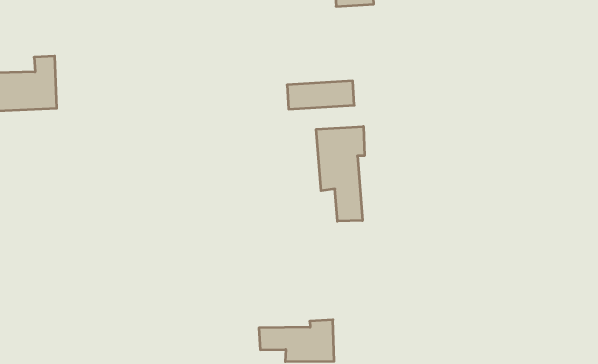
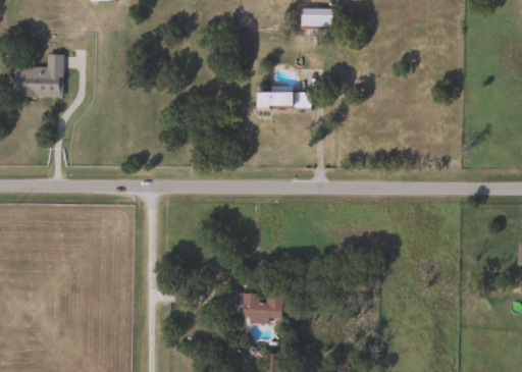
building: [316,126,364,221] -> none

